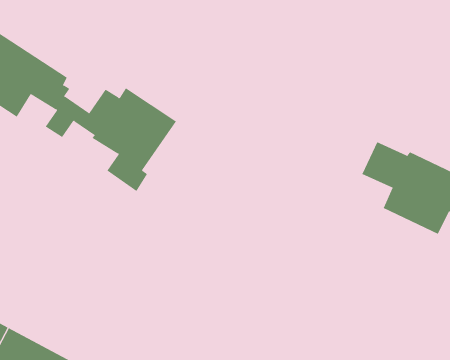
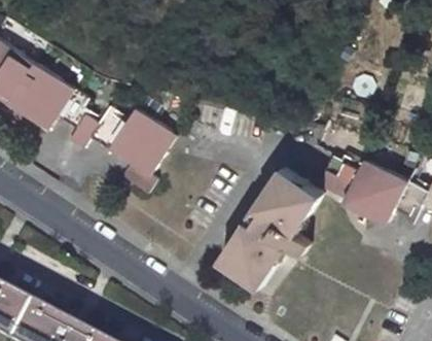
building: none -> [221,169,325,289]

